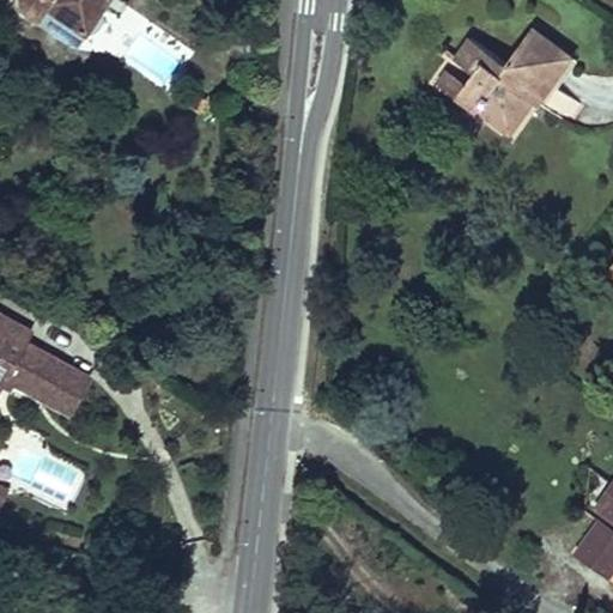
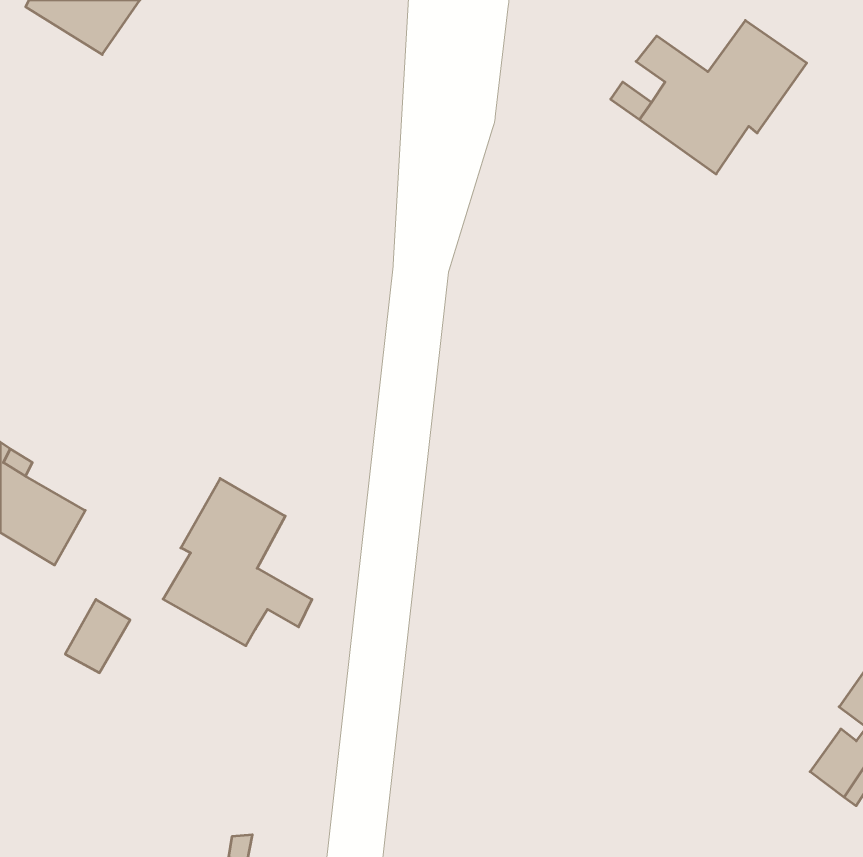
building: none -> [163,478,312,646]
building: [44,369,90,420] -> [65,599,130,673]

